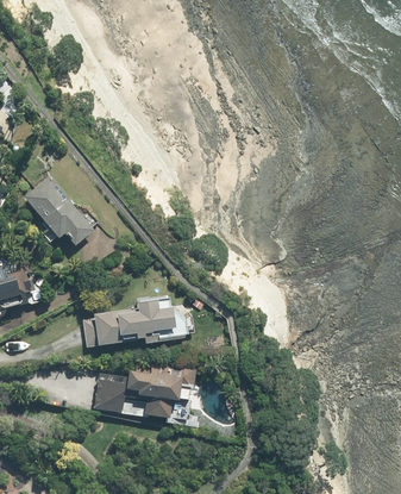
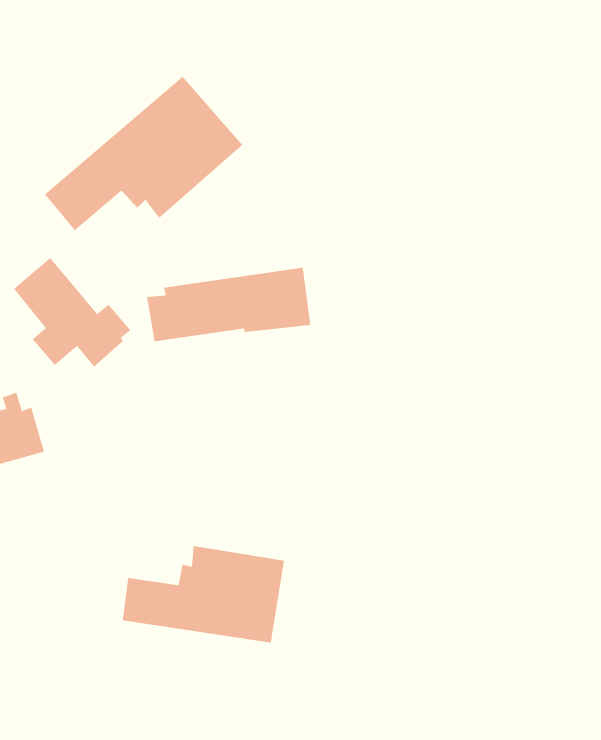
building: none -> [44,76,243,231]
building: [82,300,187,348] -> [146,267,311,342]

